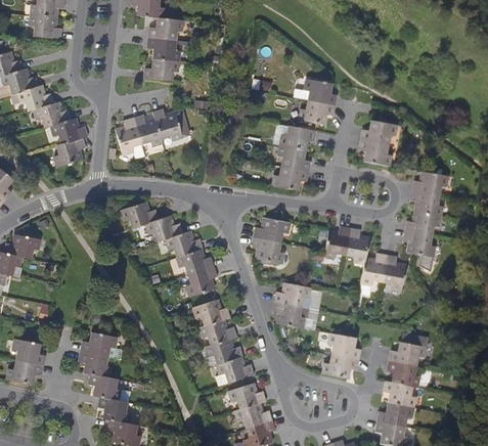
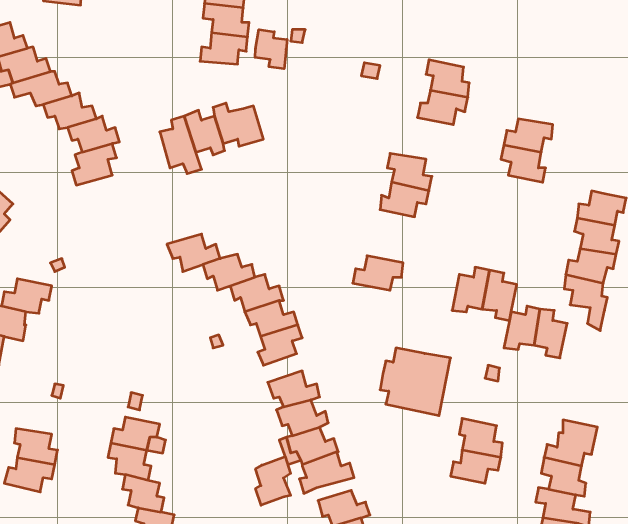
building: none -> [255,30,287,69]
building: [274,123,316,148] -> none
building: [252,236,284,263] -> none
building: none -> [256,457,291,505]

